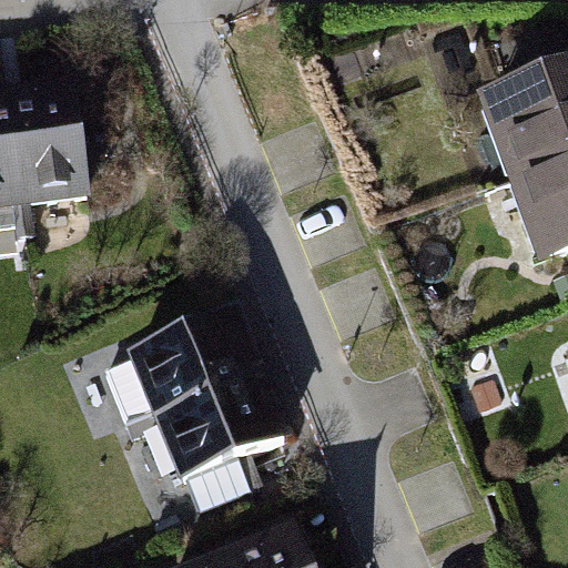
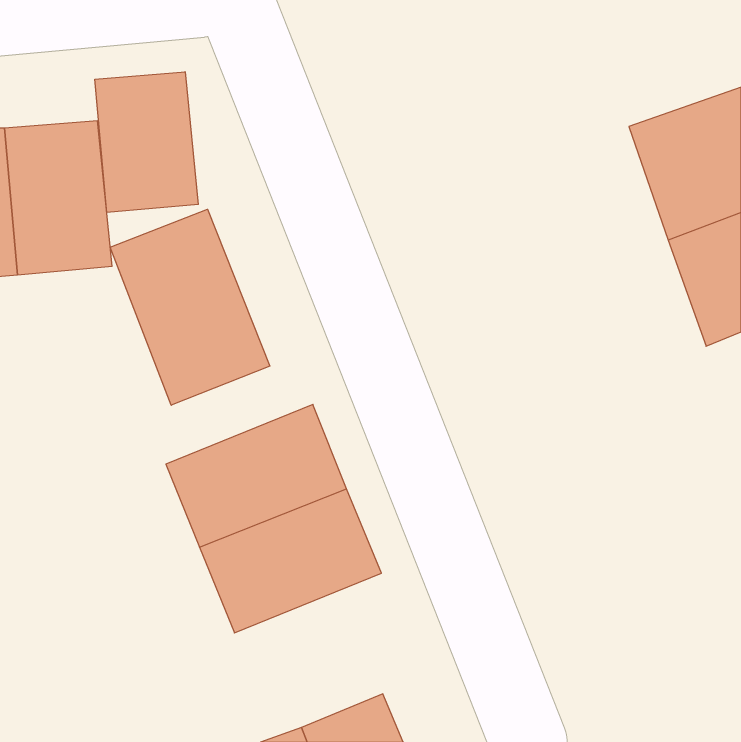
building: none -> [95,72,198,212]
building: none -> [110,209,270,405]

